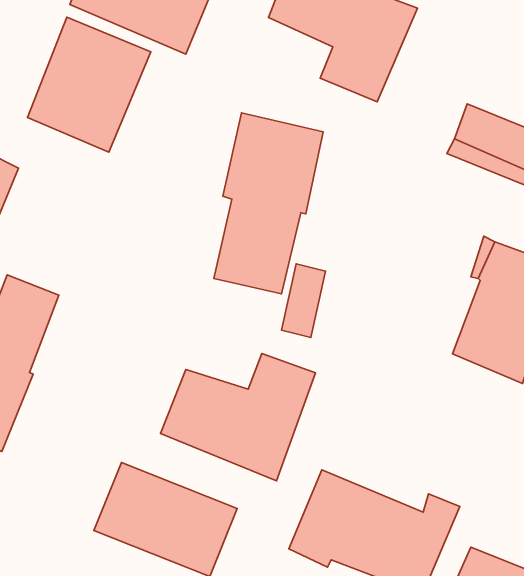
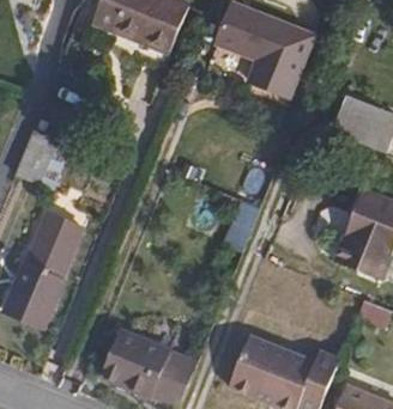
building: [27,17,151,152] -> none
building: [214,113,323,294] -> none
building: [161,353,315,481] -> none

